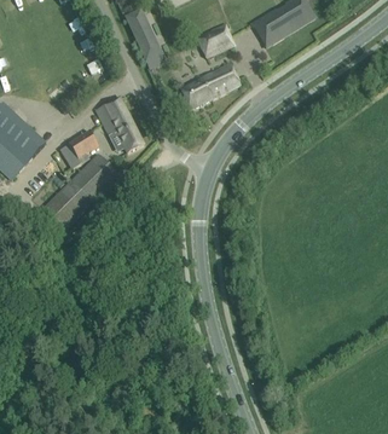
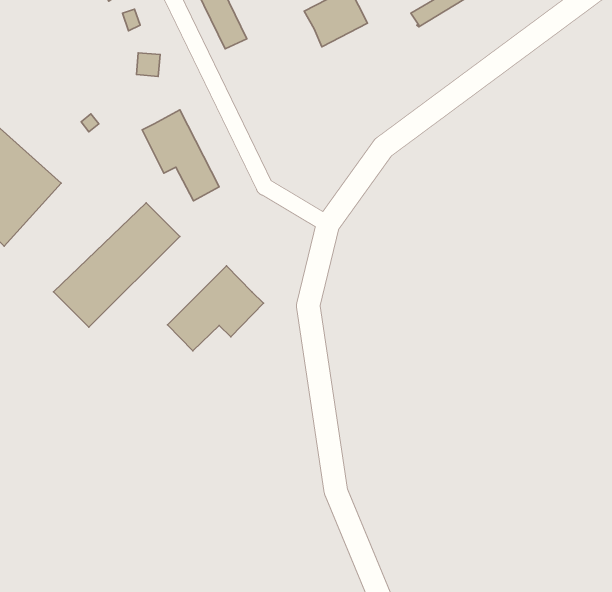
building: [179,63,239,109] -> none
building: [58,131,98,169] -> none
building: none -> [168,266,263,351]

